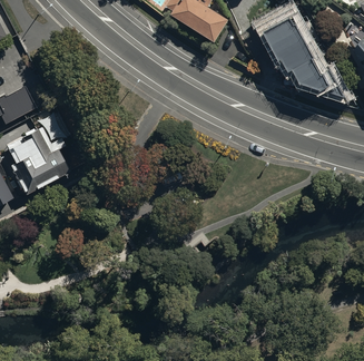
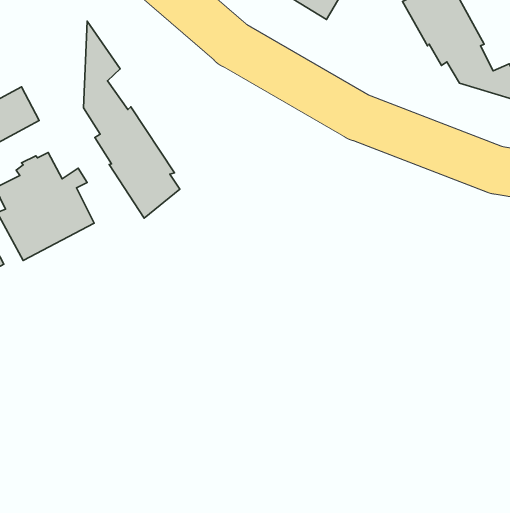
building: none -> [83,21,180,218]

